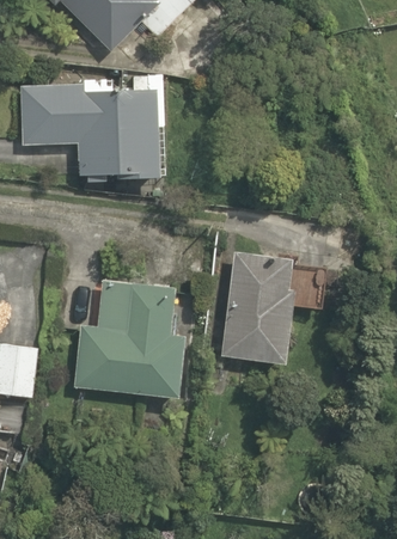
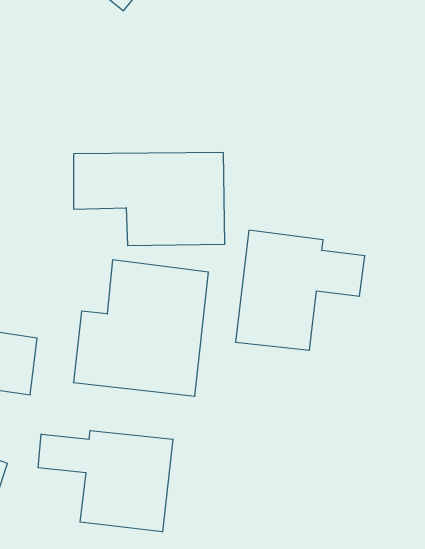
building: [28,92,161,174] -> [74,153,225,246]
building: none -> [38,430,173,532]

